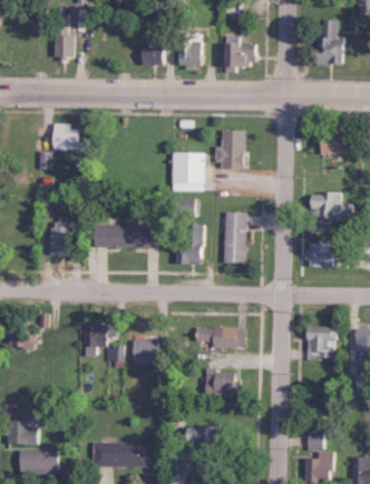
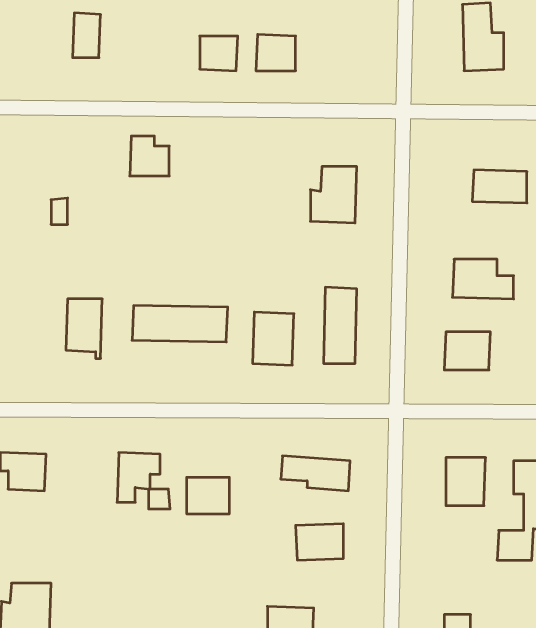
building: [227,43,256,70] -> none
building: [53,124,80,150] -> [130,136,169,176]
building: [172,152,205,191] -> none

